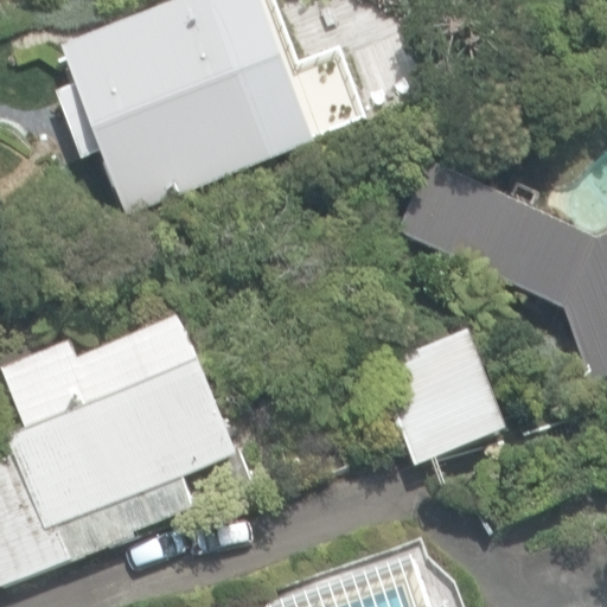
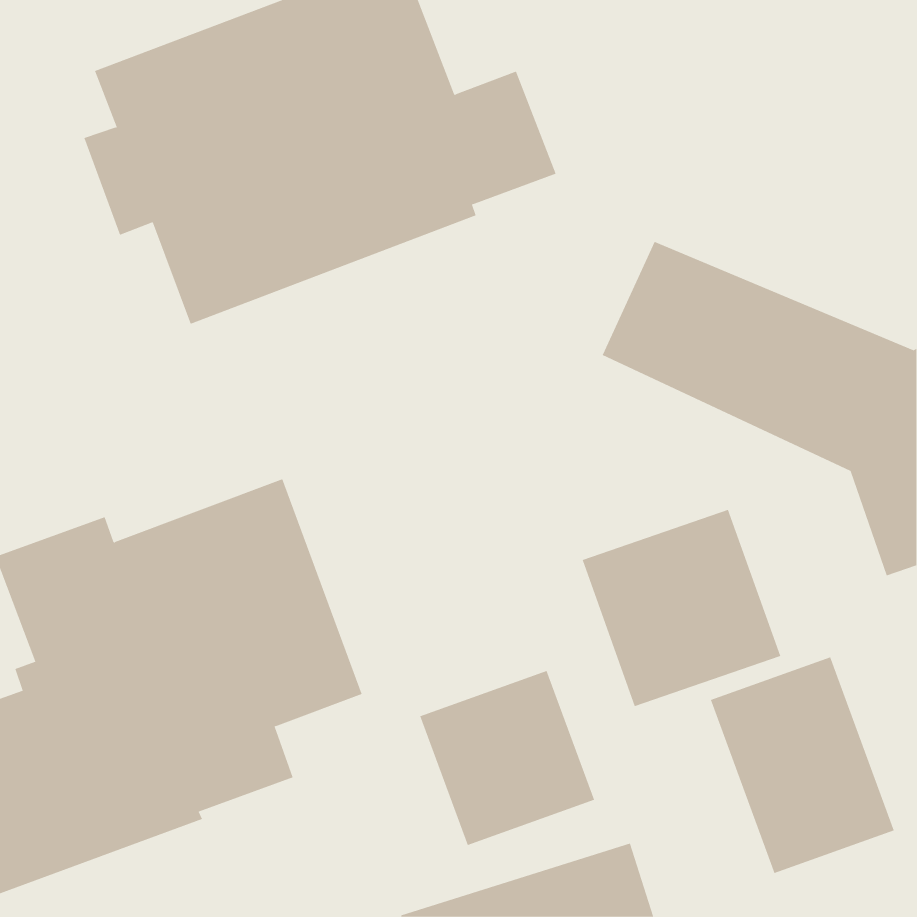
building: none -> [710,656,894,874]
building: none -> [419,670,595,846]

